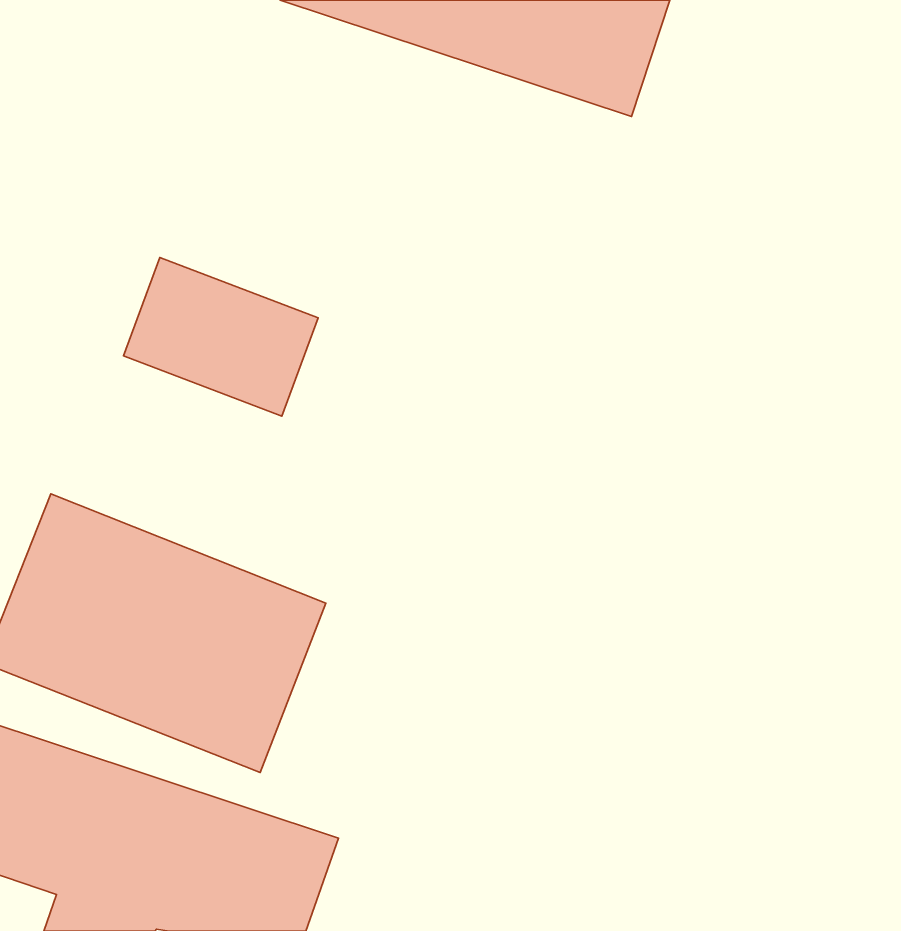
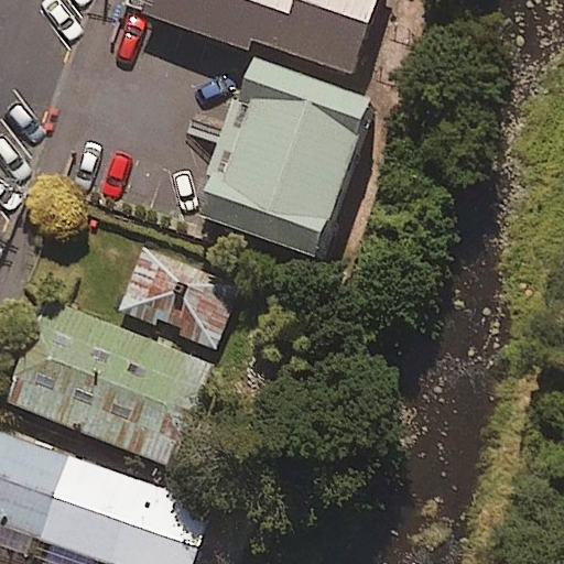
building: none -> [226,56,402,231]
building: [124,258,318,416] -> [105,249,223,345]

